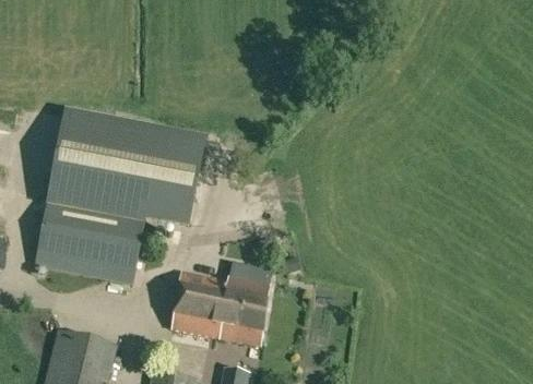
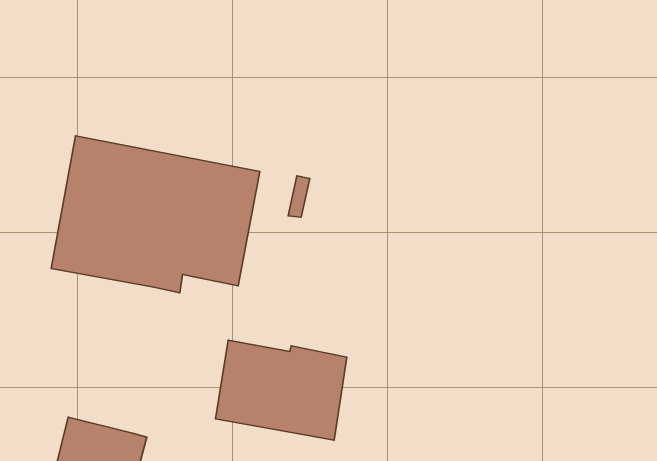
building: [35,213,143,281] -> none

